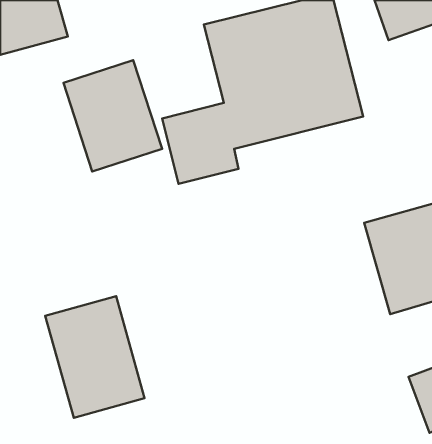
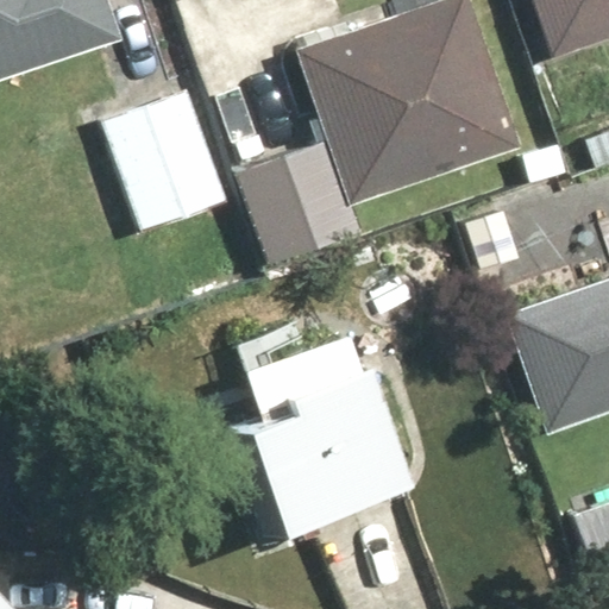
building: none -> [222,329,410,525]
building: [45,296,144,418] -> none

